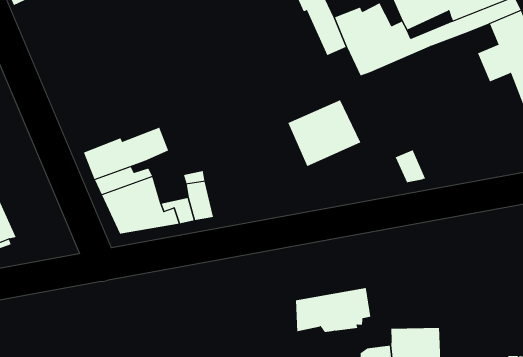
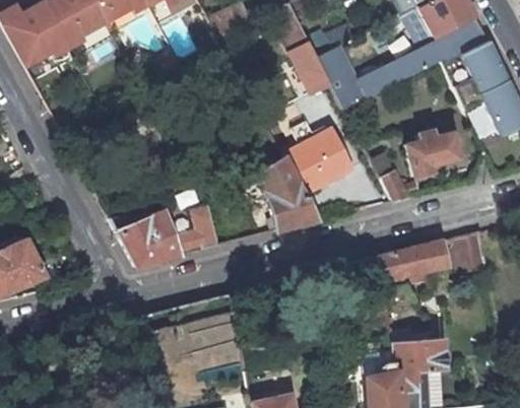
building: none -> [408,130,460,177]
building: none -> [258,157,319,230]
building: [83,127,169,180] -> none
building: none -> [455,231,490,272]
building: [295,287,371,333] -> [380,241,450,285]

